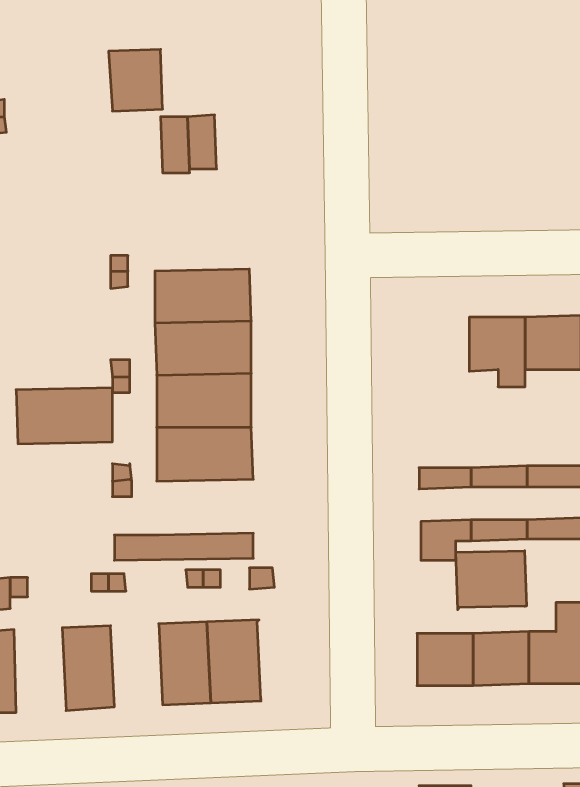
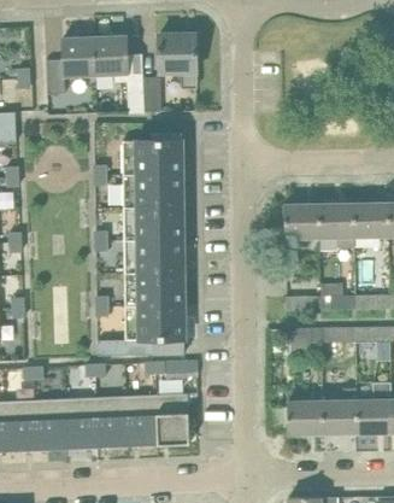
building: none -> [157,34,196,88]
building: none -> [46,37,96,94]
building: none -> [122,140,182,175]
building: none -> [284,204,319,238]
building: [16,388,112,444] -> [124,305,184,340]
building: [456,551,526,610] -> none
building: none -> [95,396,128,448]
building: none -> [35,398,67,451]

